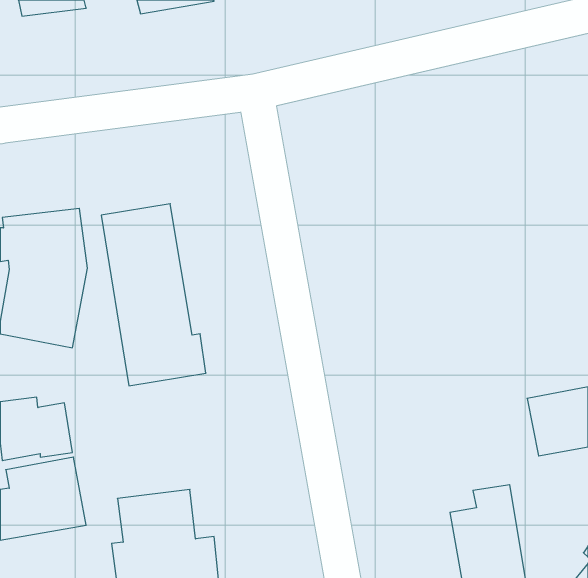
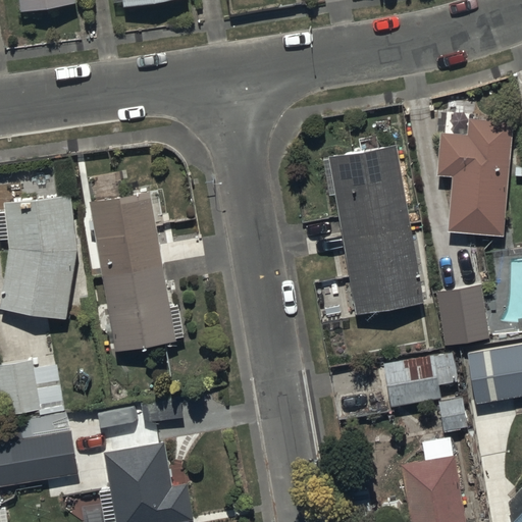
building: none -> [434,119,510,236]
building: none -> [327,148,424,318]
building: none -> [438,293,489,349]
building: none -> [384,354,458,404]

